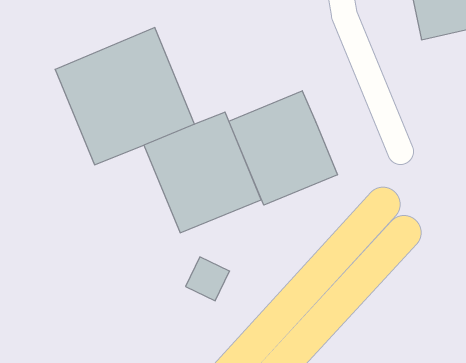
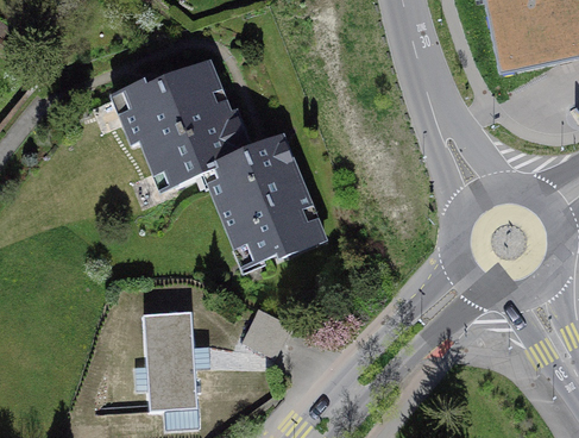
building: [229,91,337,205] -> none
building: none -> [139,318,189,408]

